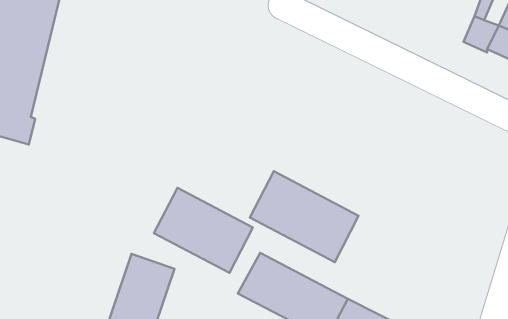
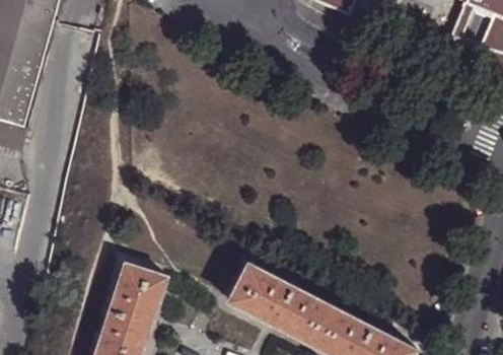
building: [250,171,359,262] -> none
building: [154,188,253,273] -> none

